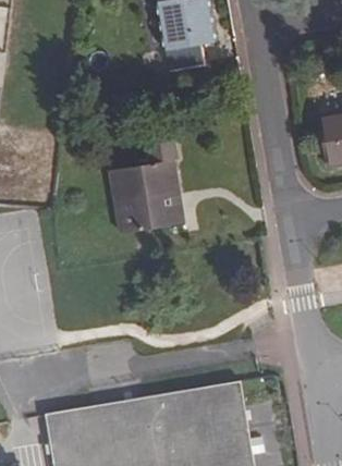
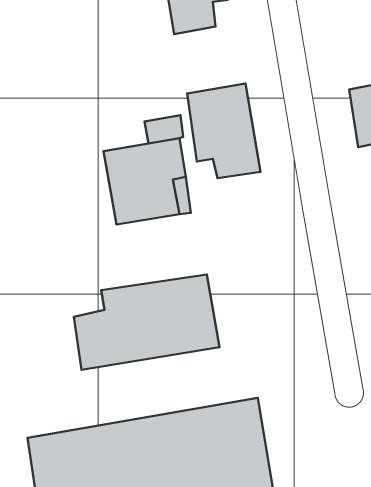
building: none -> [187,83,260,178]
building: none -> [74,275,219,370]

